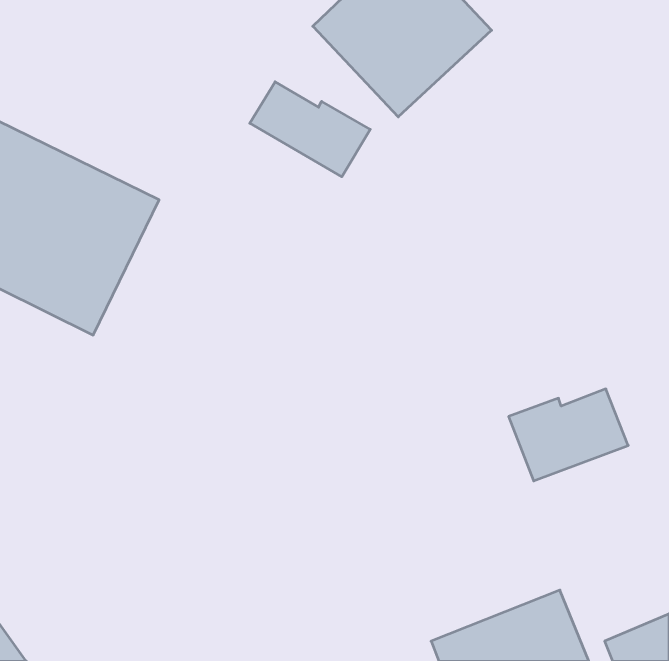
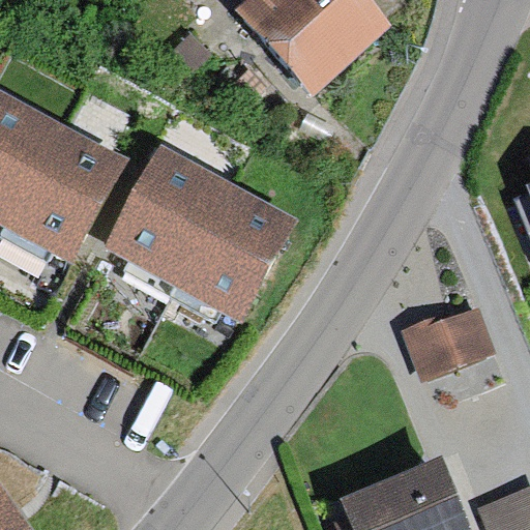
building: [250,82,370,177] -> none
building: none -> [118,157,294,321]

